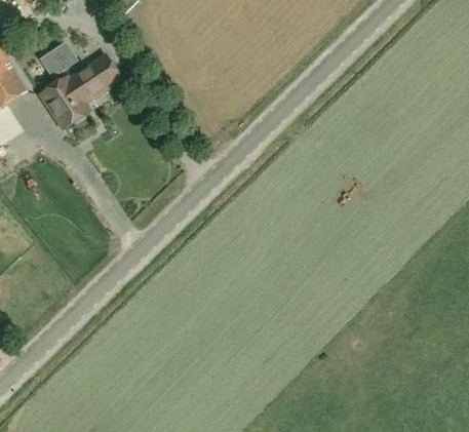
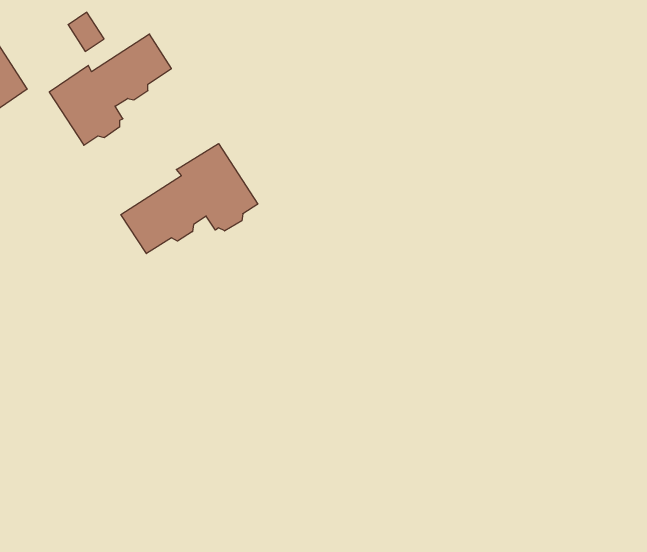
building: none -> [121,144,258,254]

